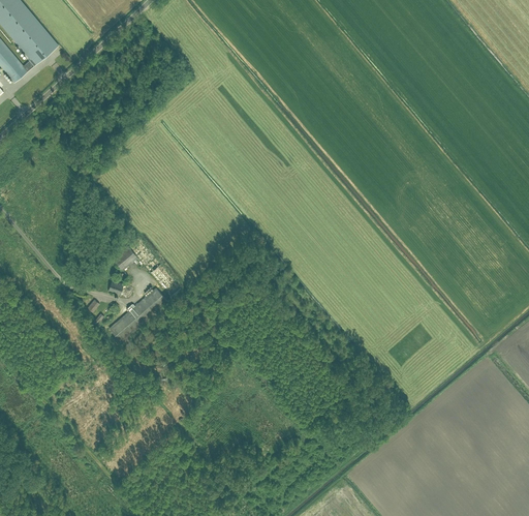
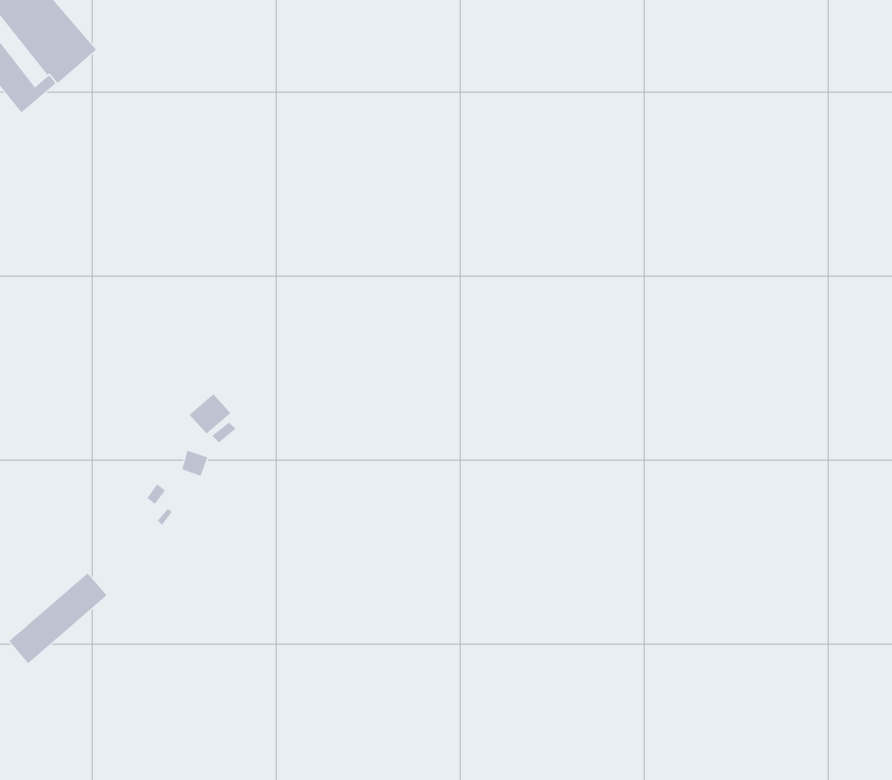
building: [108,287,166,341] -> [9,572,107,664]

